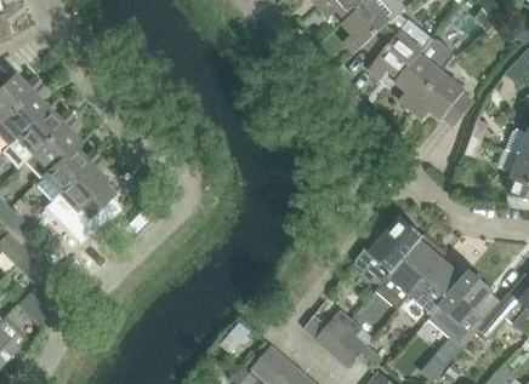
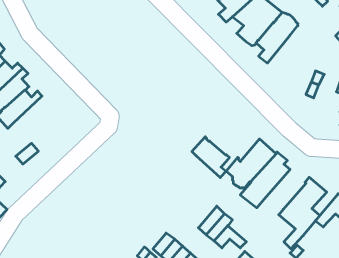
building: [411,70,474,125] -> none
building: [58,155,115,217] -> none
building: none -> [192,137,229,178]
building: [410,257,465,313] -> none

